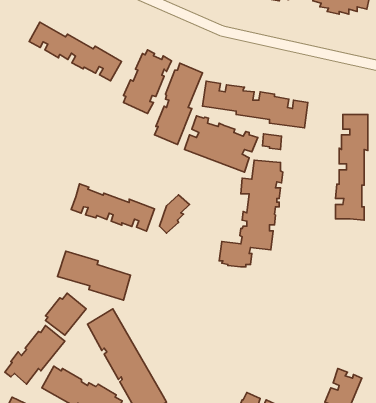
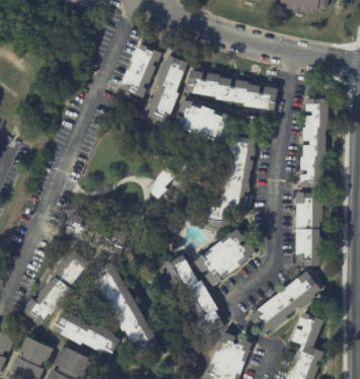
building: [29,22,121,81] -> none
building: [71,184,155,231] -> none
building: none -> [299,194,325,267]
building: none -> [195,229,257,286]
building: none -> [165,255,223,336]
building: none -> [250,273,323,337]

